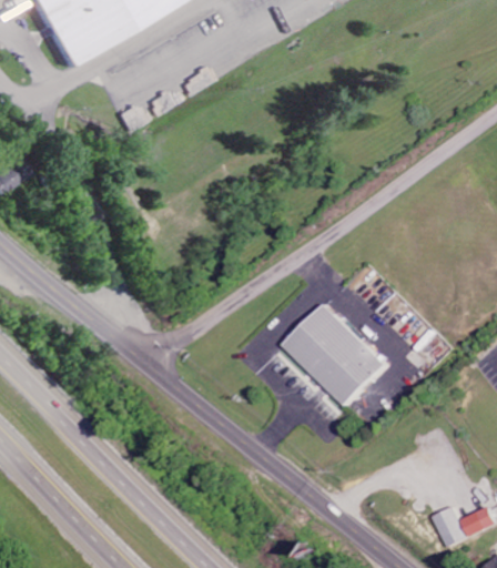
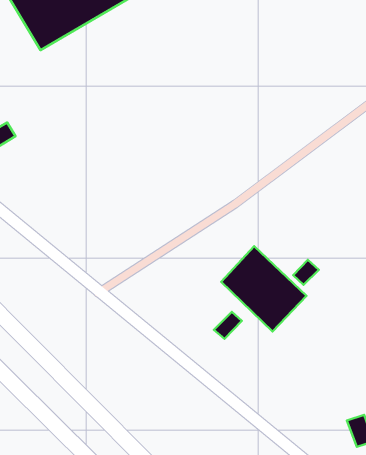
building: none -> [293,260,319,285]
building: none -> [214,312,242,339]

